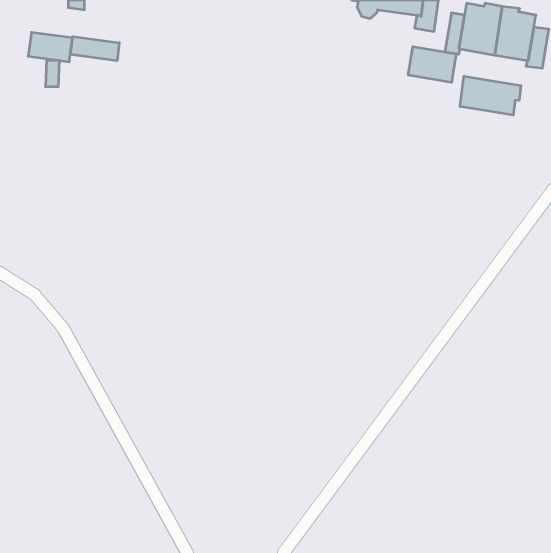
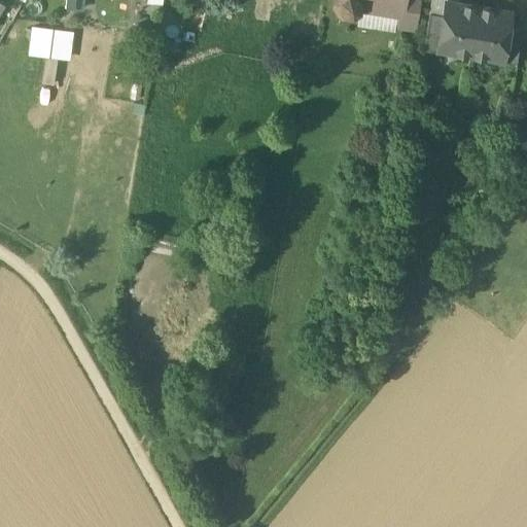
building: [70,37,119,61] -> none
building: [408,47,456,82] -> none
building: [460,76,521,115] -> none

